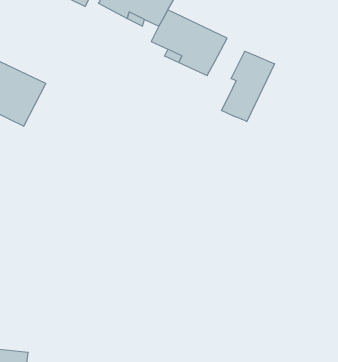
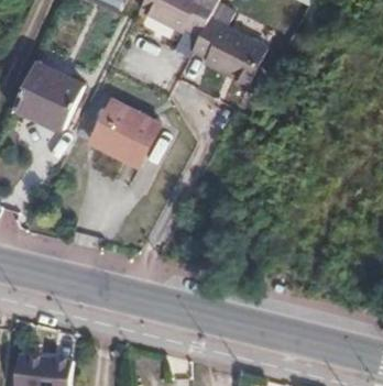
building: [222,51,275,122] -> none
building: none -> [88,98,157,163]

